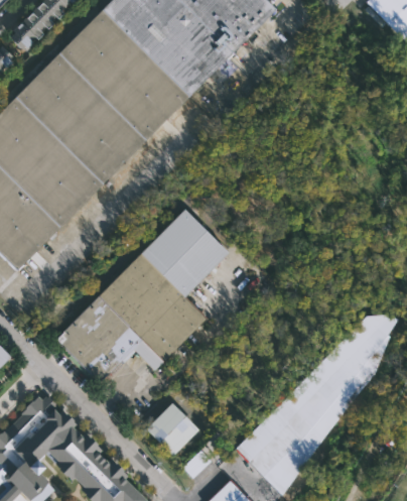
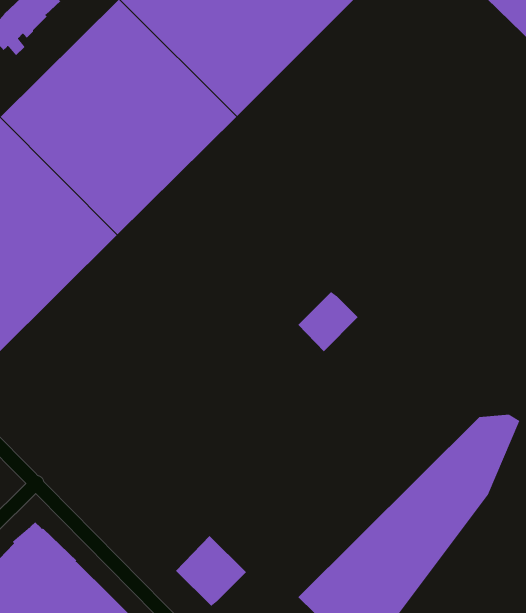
building: [55,208,229,381] -> none
building: none -> [298,291,359,352]

